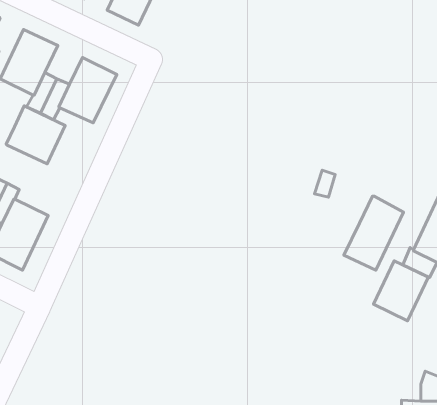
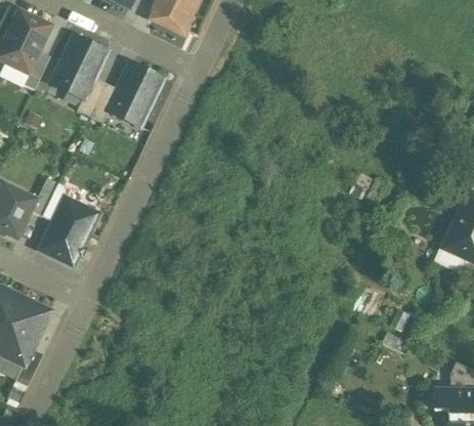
building: [6,106,65,164] -> none
building: [344,196,404,270] -> none
building: [373,261,428,321] -> none

